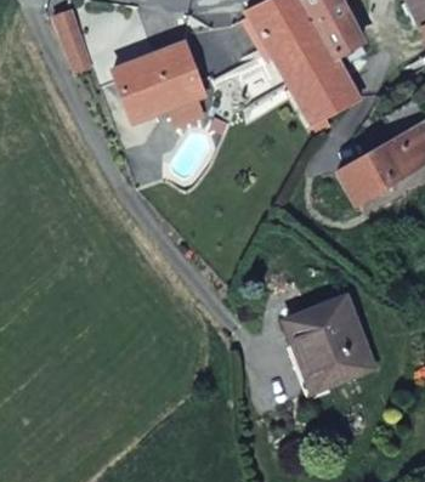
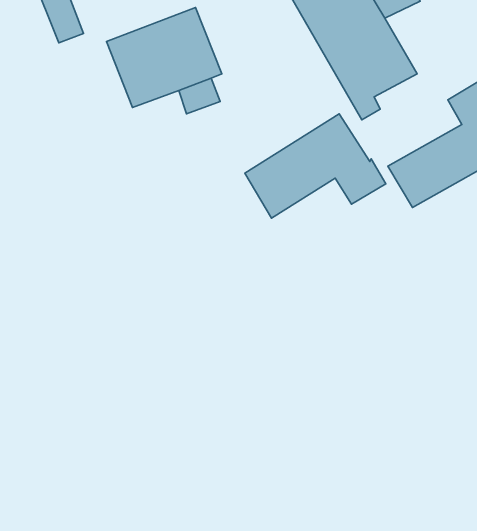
building: none -> [245,114,386,218]
building: [285,296,370,389] -> none

